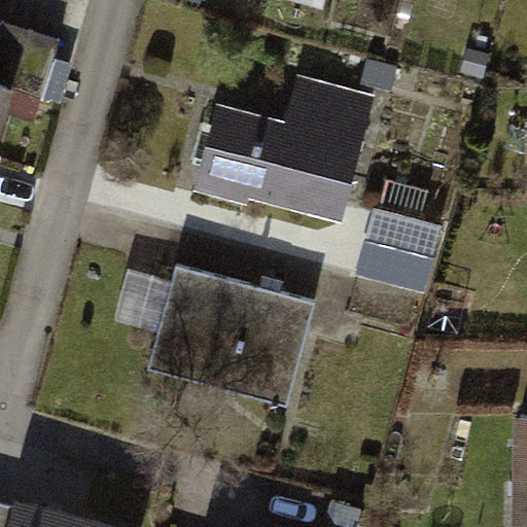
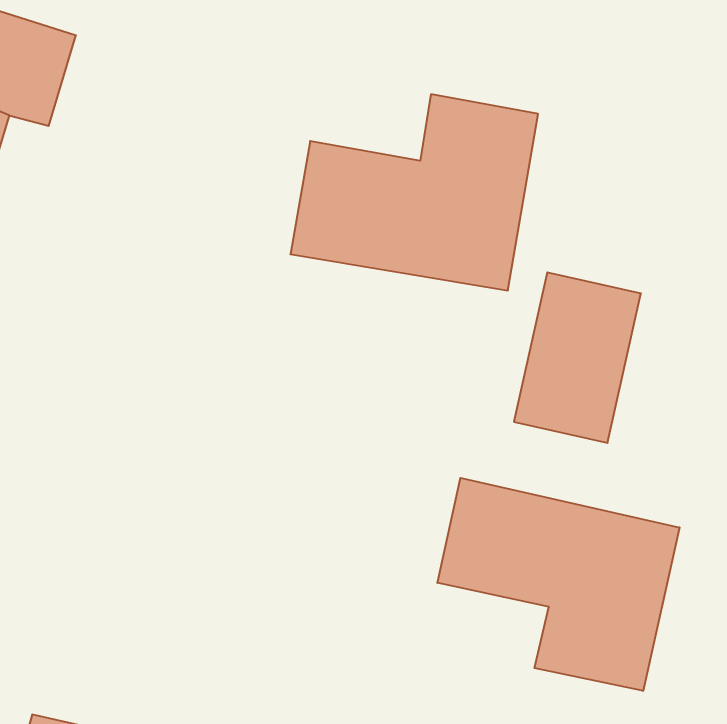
building: [149,265,310,403] -> none
building: none -> [437,478,680,691]

